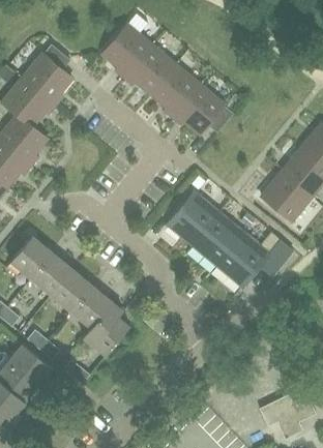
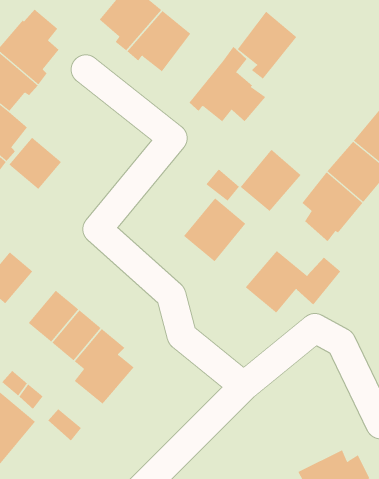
building: [151,65,199,119] -> [237,11,297,79]
building: none -> [9,137,62,190]
building: [193,214,241,264] -> [240,149,302,212]
building: [28,251,67,292] -> none

